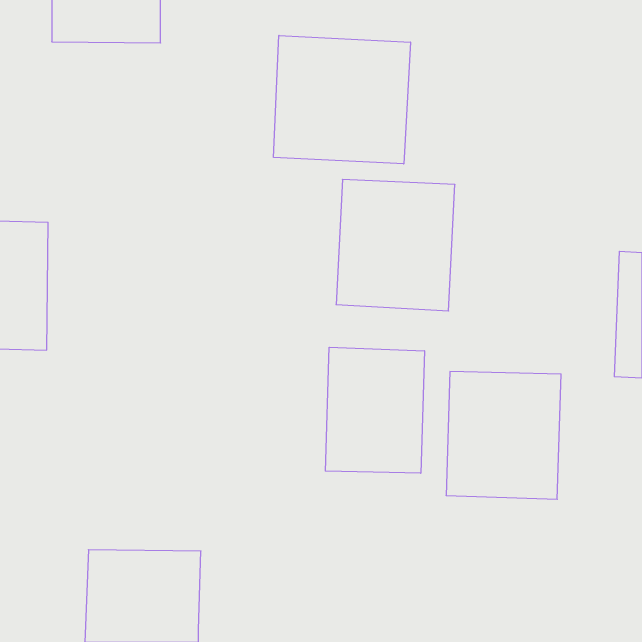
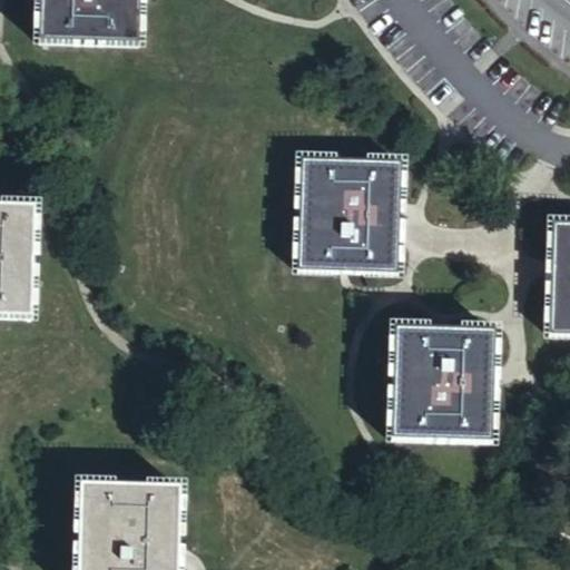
building: [274,35,410,164] -> none
building: [325,347,424,473] -> none

